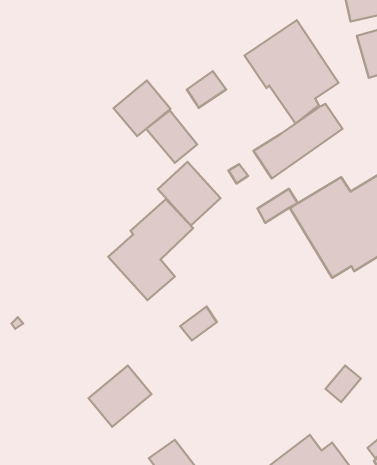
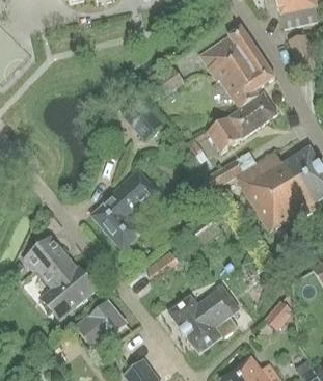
building: [114,81,170,136] -> none
building: [158,162,220,225] -> none
building: none -> [24,236,97,319]
building: none -> [168,285,240,352]

